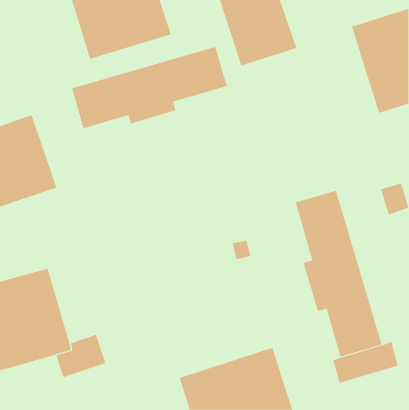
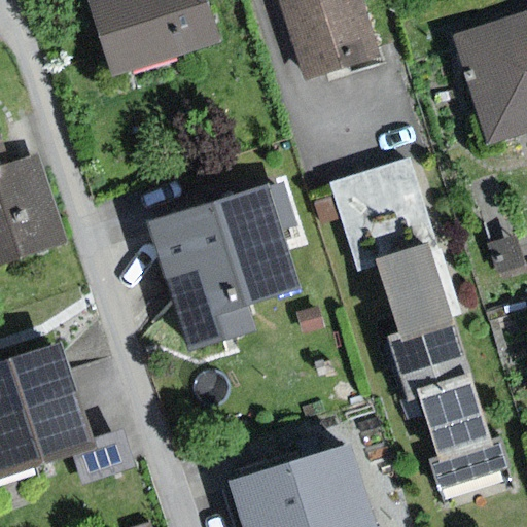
building: [71,46,228,129] -> none
building: none -> [329,157,431,258]
building: none -> [150,188,297,350]

